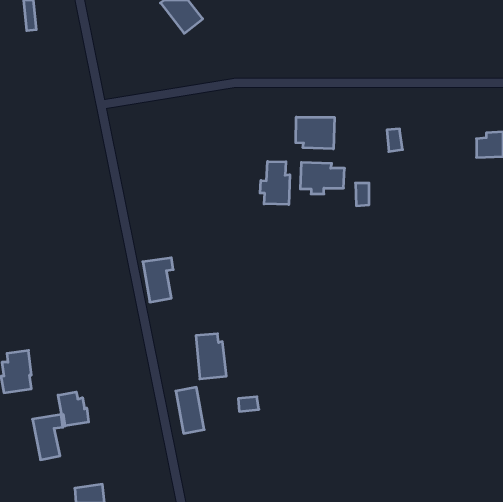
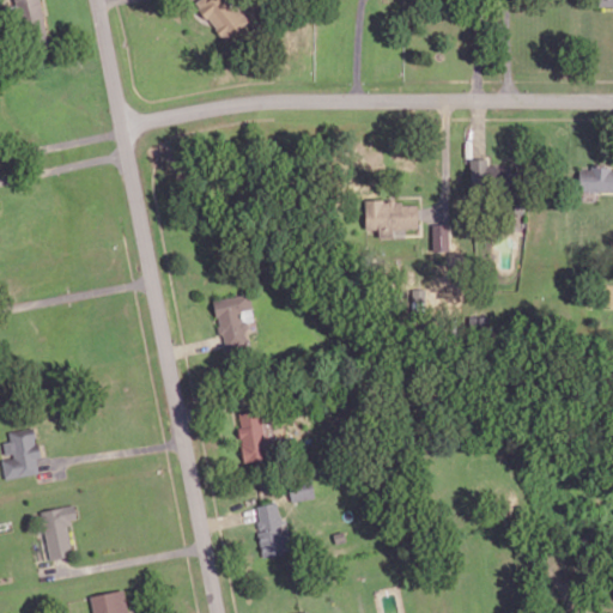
building: [296,117,334,149] -> none
building: [260,161,290,205] -> none
building: [143,258,173,302] -> [214,296,251,350]
building: [176,387,204,433] -> [254,502,289,558]
building: [58,392,89,426] -> none

